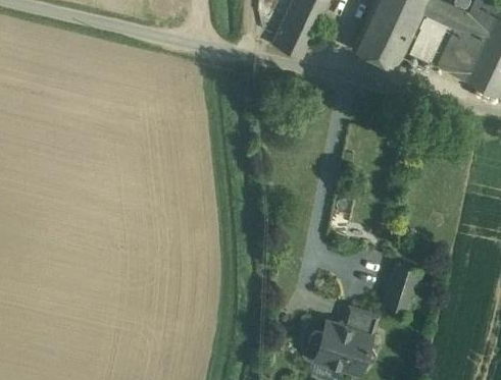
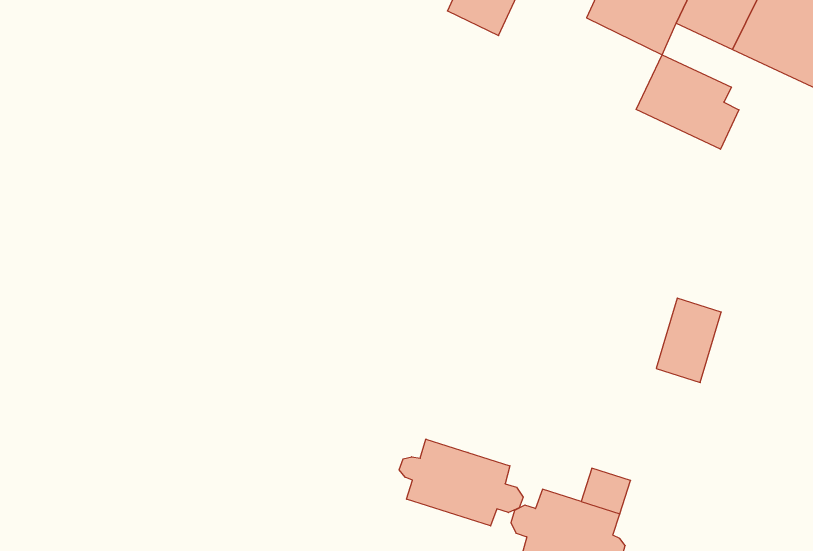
building: none -> [636,55,739,149]
building: [382,262,419,311] -> [656,298,721,383]
building: none -> [399,439,523,526]

